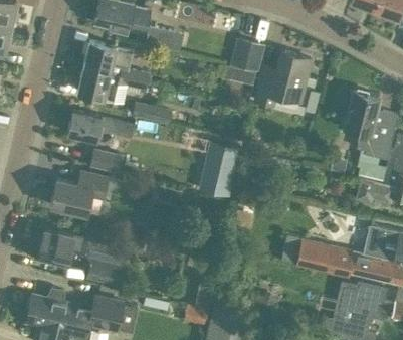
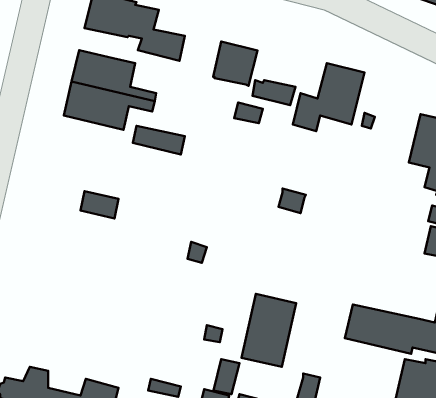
building: [232,37,266,71] -> [213,42,258,86]
building: [68,111,135,142] -> none
building: [198,140,240,196] -> [242,294,296,367]
building: [50,172,109,216] -> none
building: [39,231,126,286] -> none

